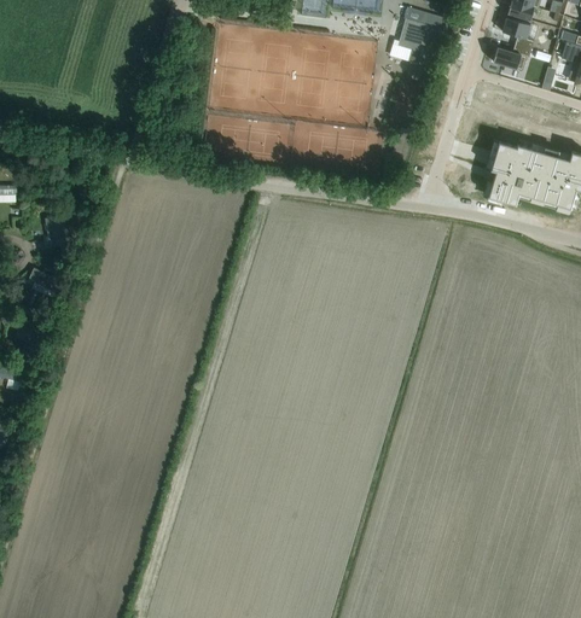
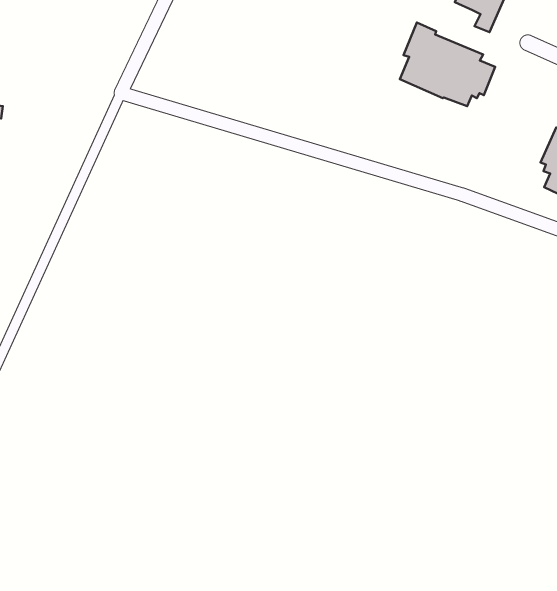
building: none -> [400,23,495,106]

